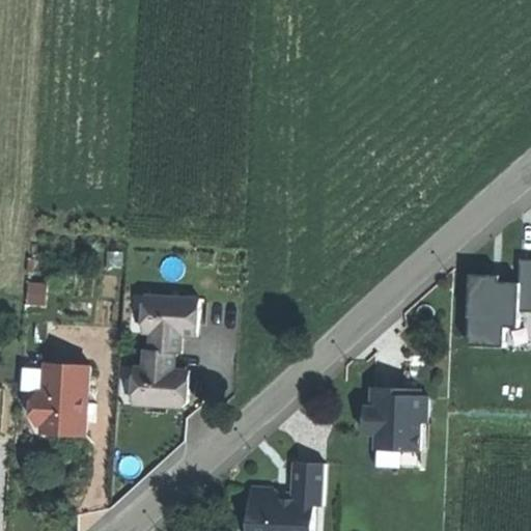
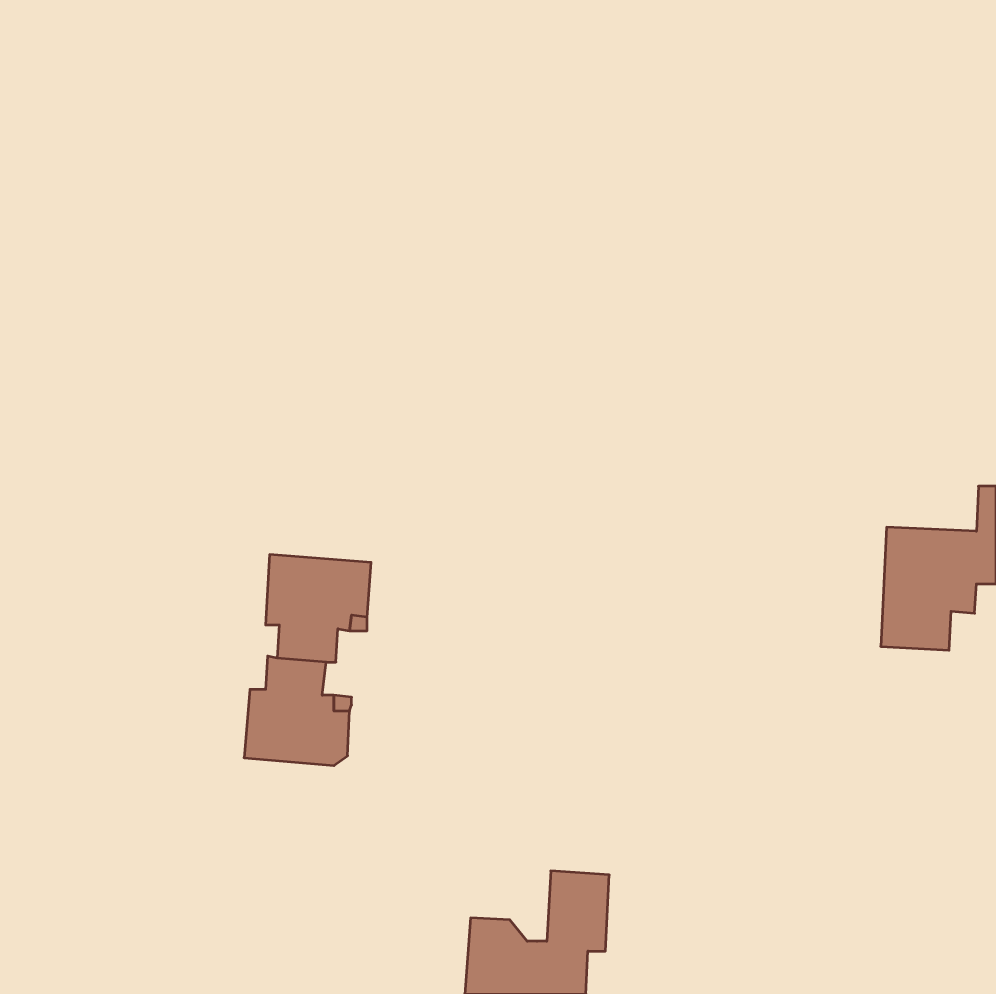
building: [29,362,87,432] -> none
building: [362,388,427,469] -> none

